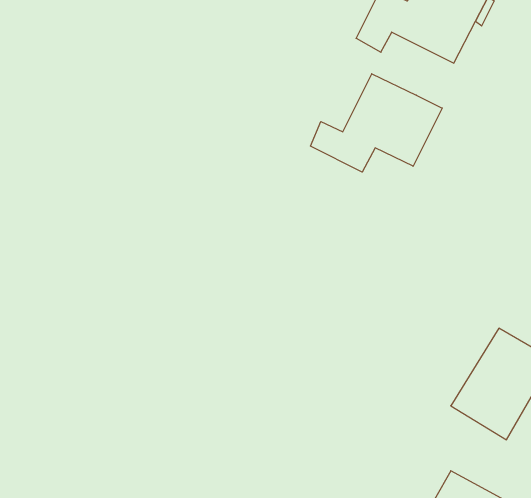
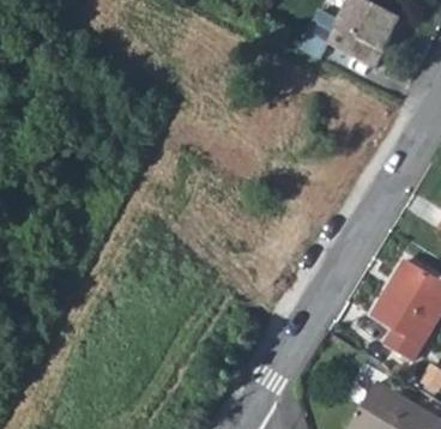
building: [310,74,442,172] -> none

